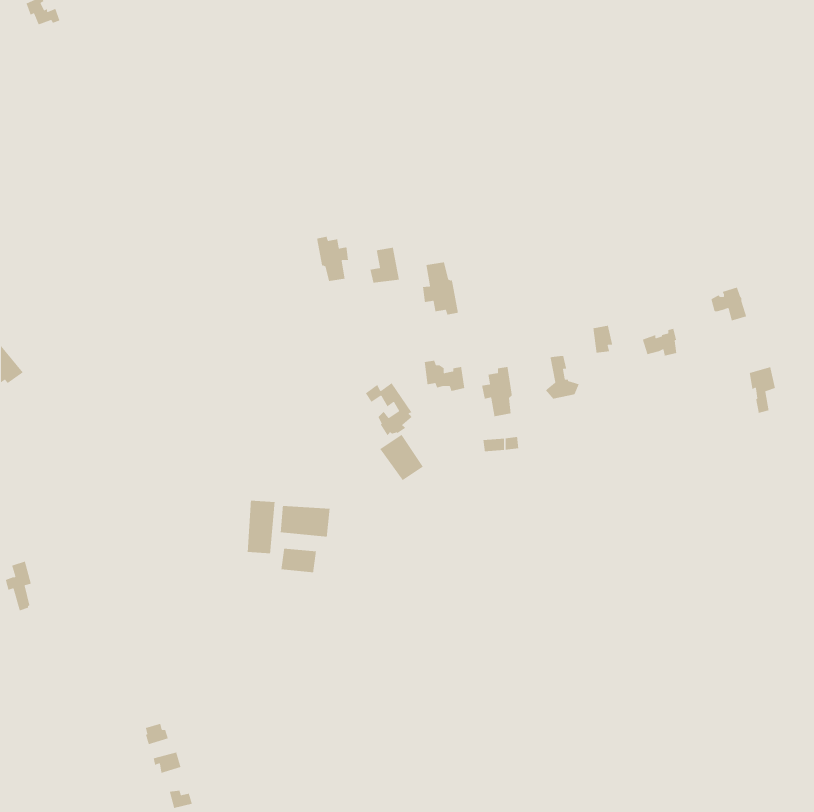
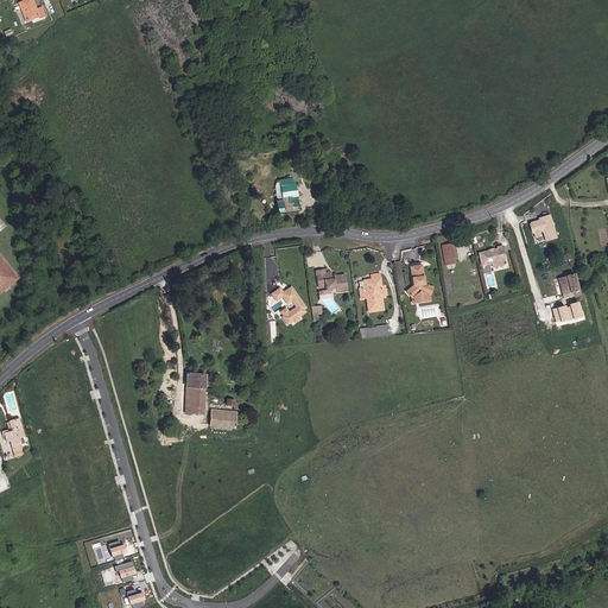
building: [316,236,349,282] -> none
building: [422,261,459,315] -> none
building: [379,434,424,481] -> none
building: [280,505,330,537] -> none

